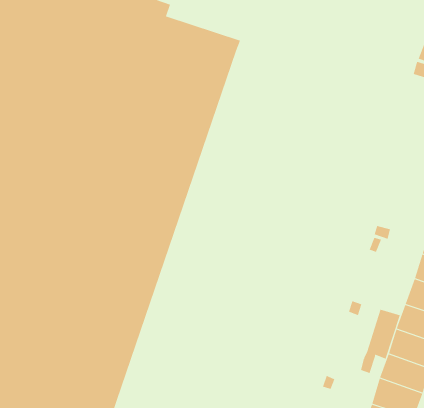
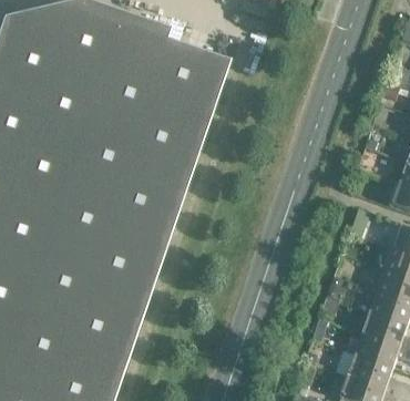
building: [360,309,400,374] -> none

